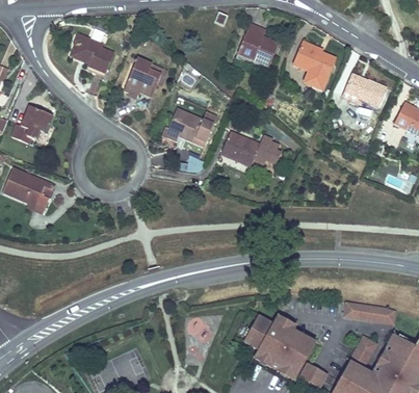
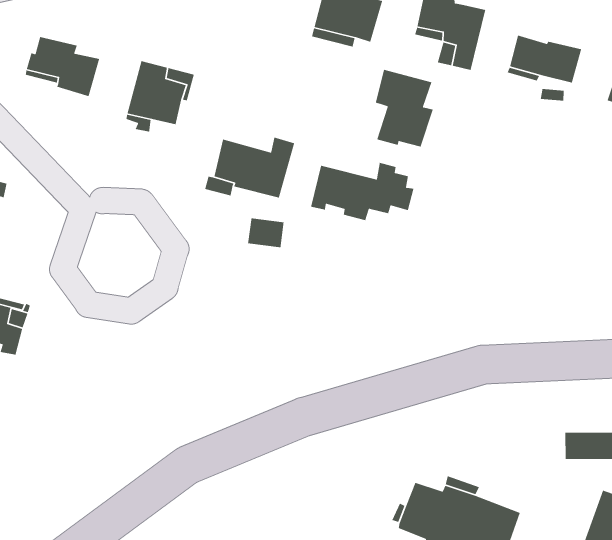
building: none -> [375,69,434,148]

